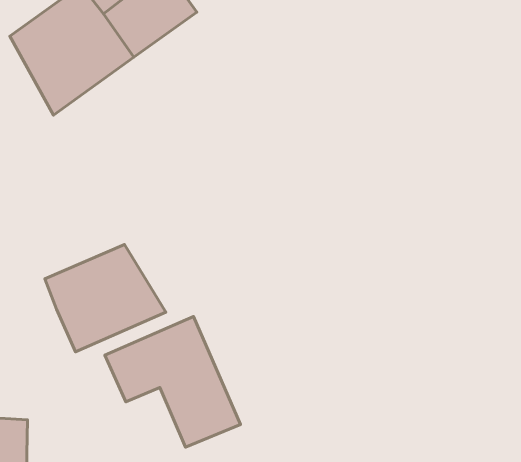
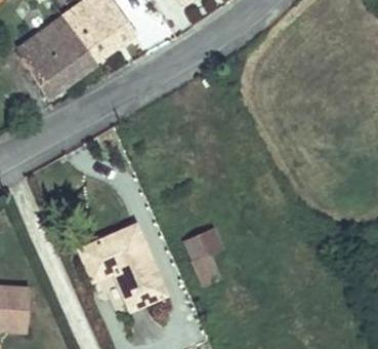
building: [45,244,166,352] -> none
building: none -> [183,226,219,282]

